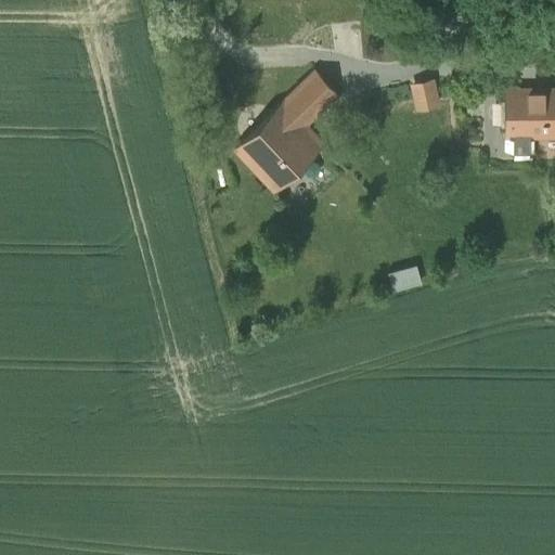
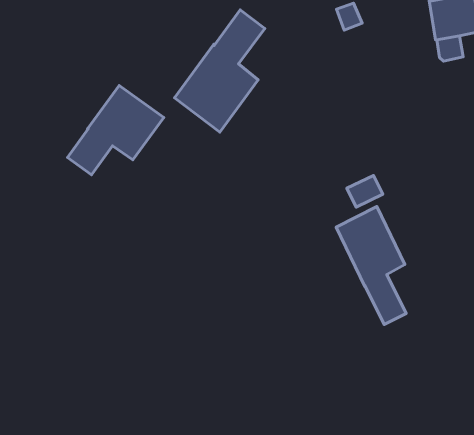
building: none -> [68,86,164,175]
building: none -> [336,207,406,325]

